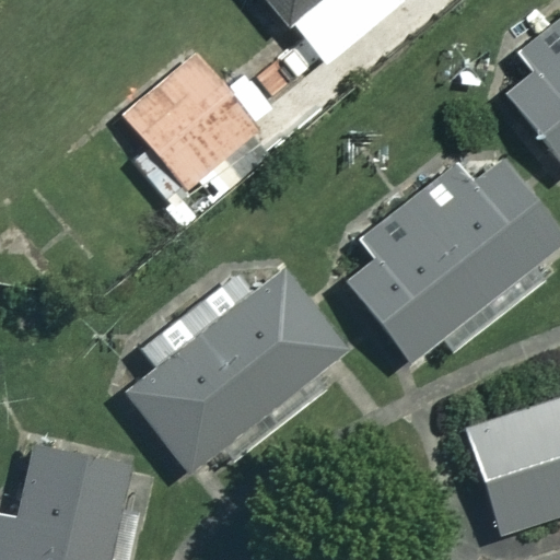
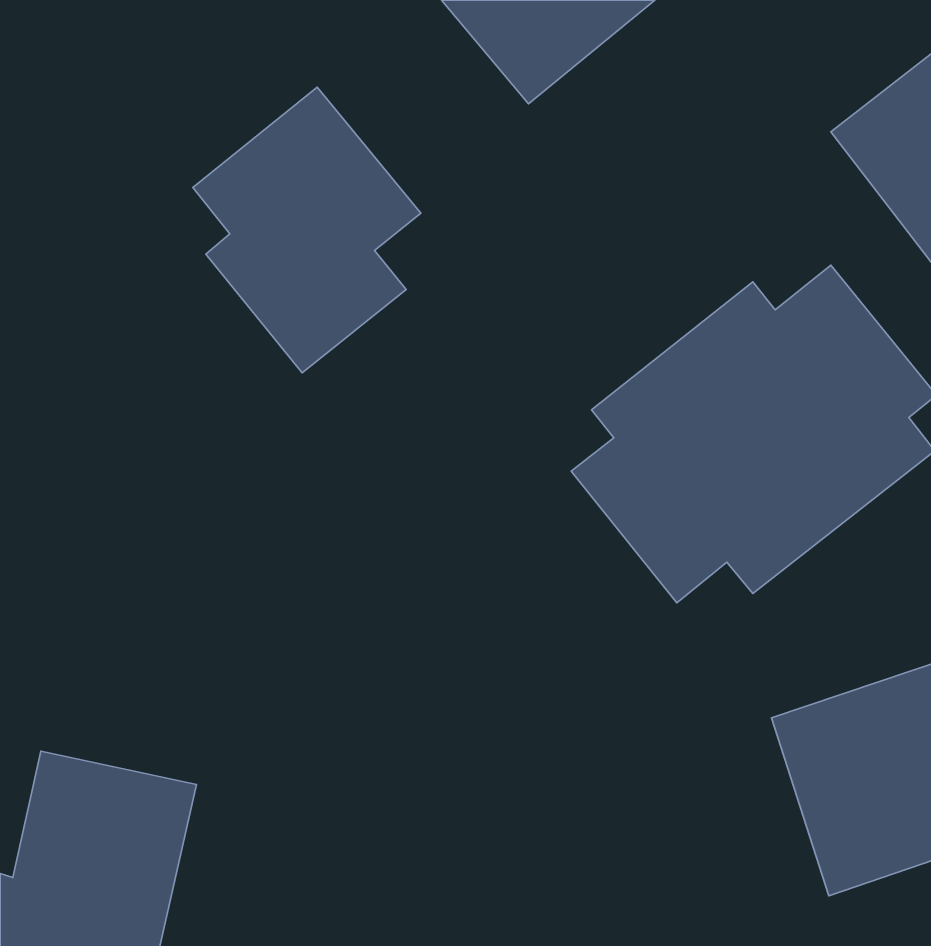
building: [126,262,352,472] -> none

